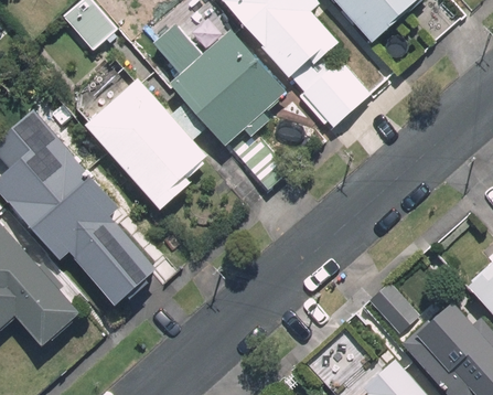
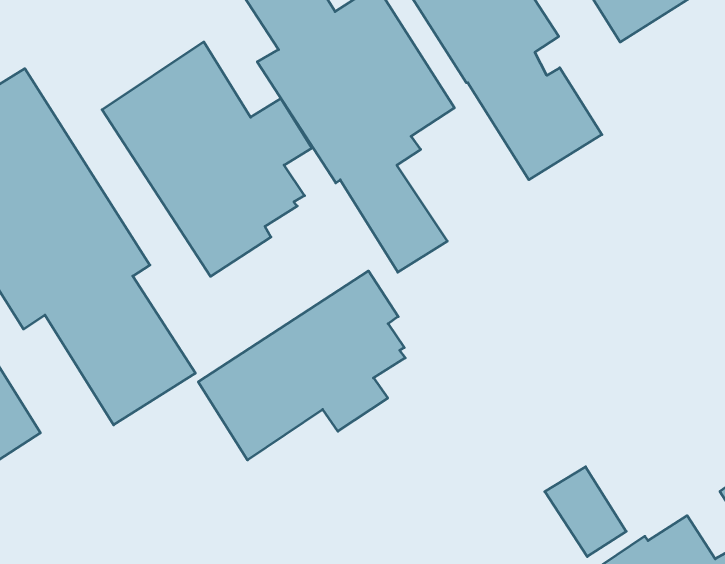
building: none -> [198,271,405,460]

